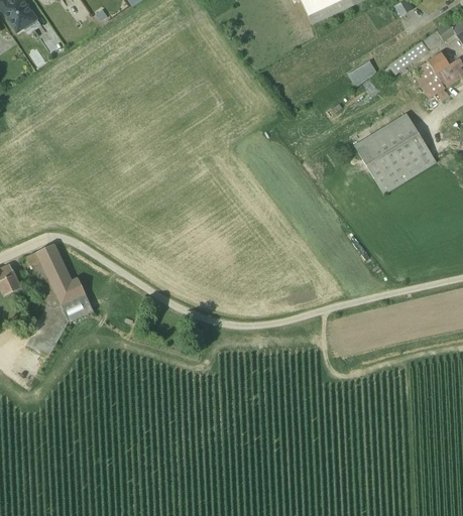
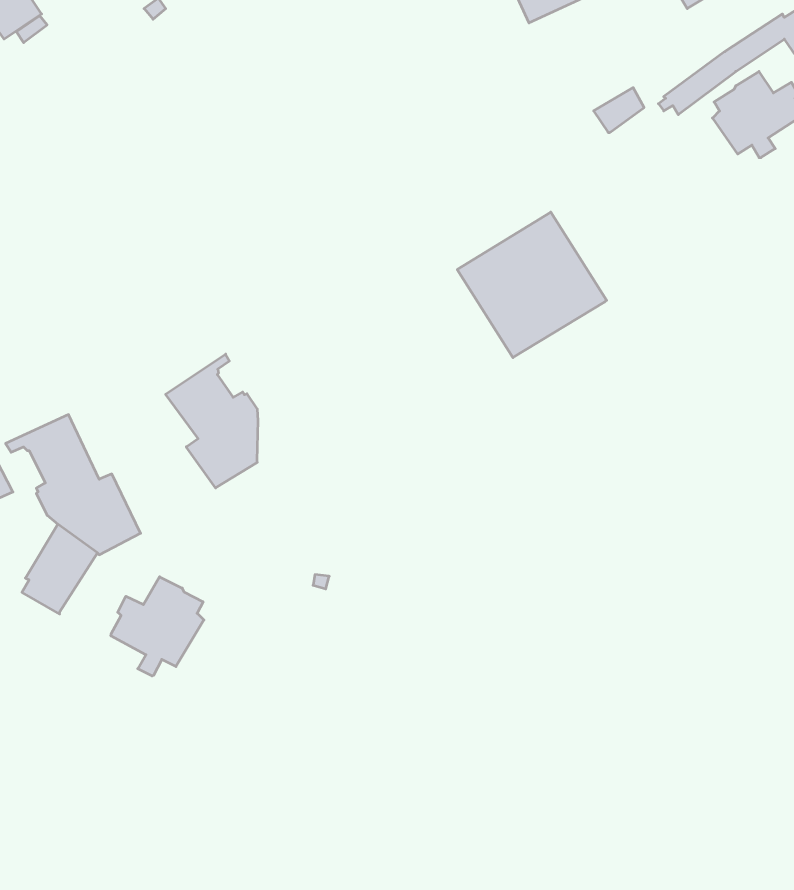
building: [352,112,436,194] -> [457,212,607,358]
building: none -> [166,354,258,488]
building: none -> [111,577,204,676]

